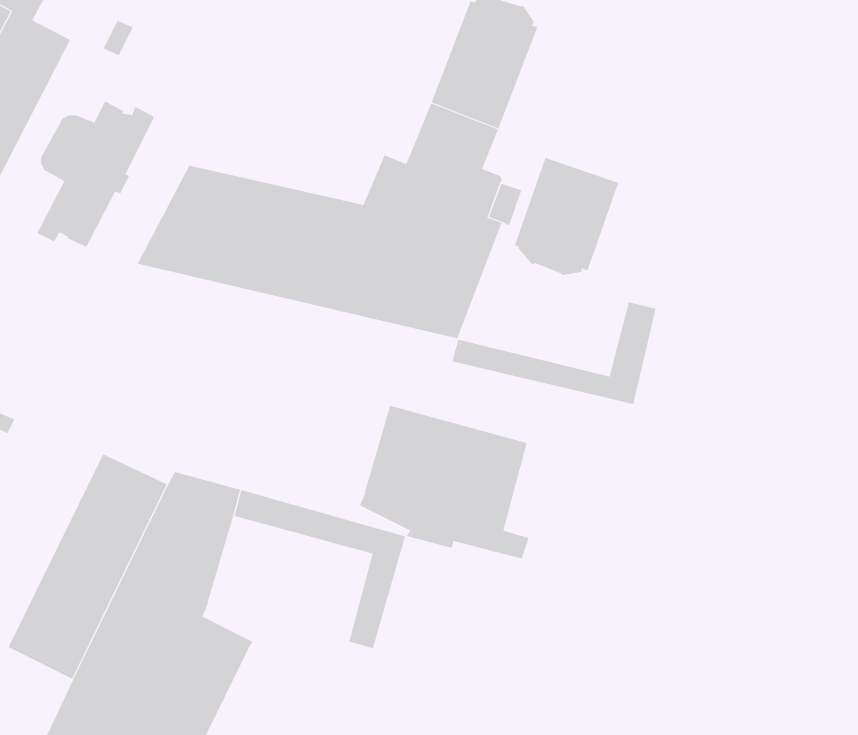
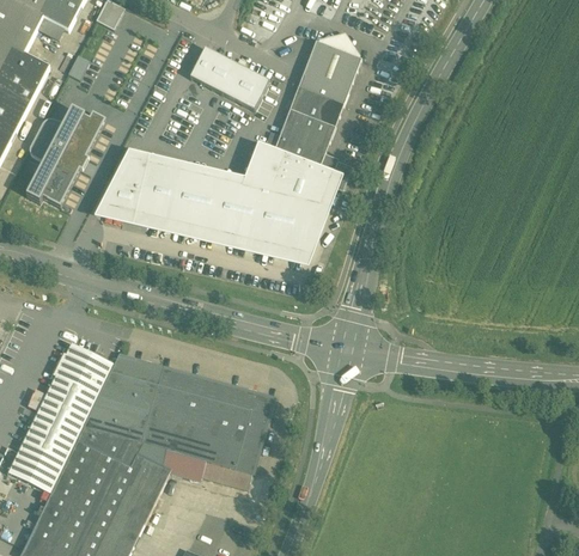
building: none -> [189,45,269,109]
building: [514,157,619,276] -> none
building: [452,302,656,405] -> none
building: [359,405,529,559] -> [138,384,251,487]

